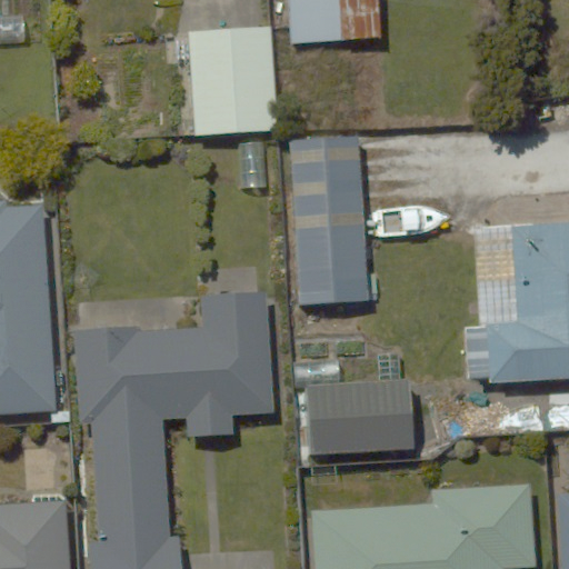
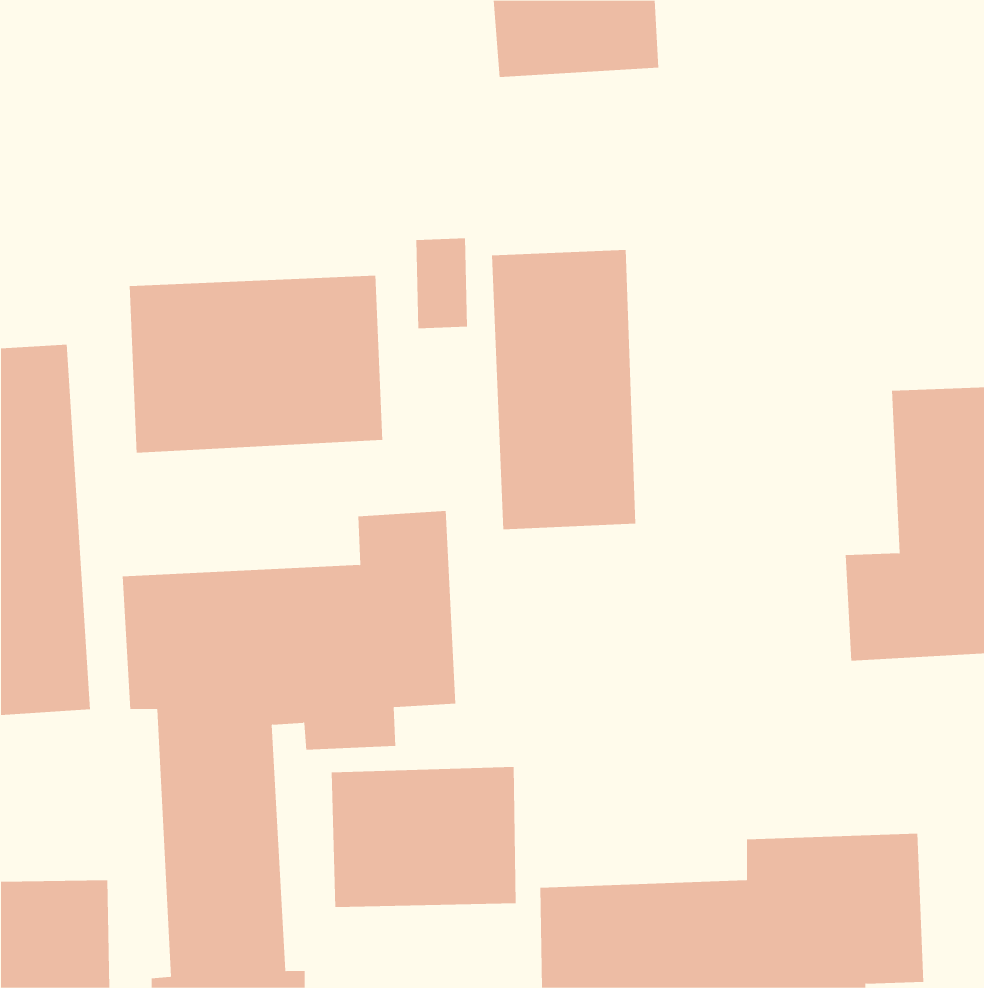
building: [187,26,281,134] -> none
building: none -> [129,275,383,453]
building: [303,376,410,457] -> [331,766,516,908]

